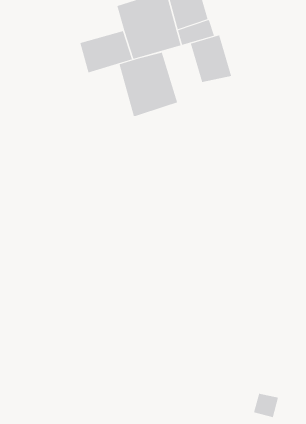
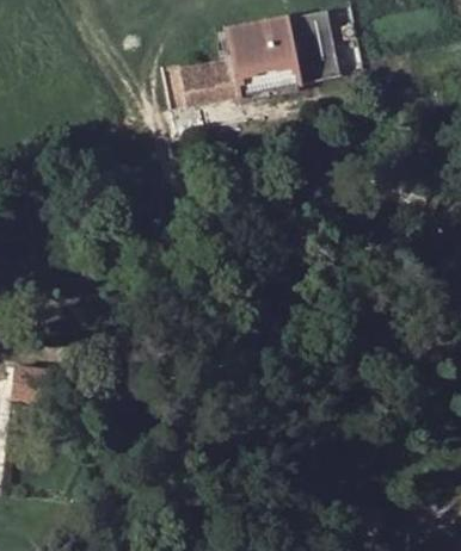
building: [190,35,232,83] -> none
building: [119,52,178,117] -> none

